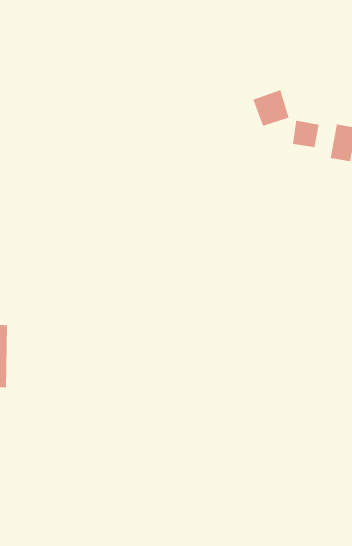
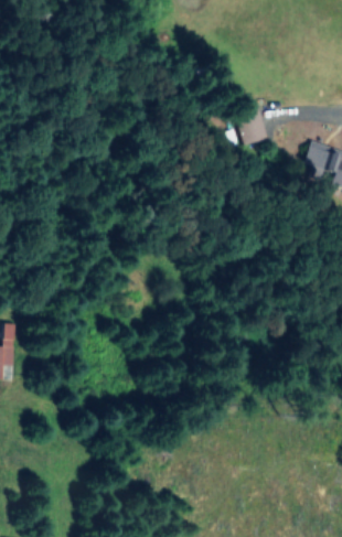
building: [292,120,319,148] -> none

